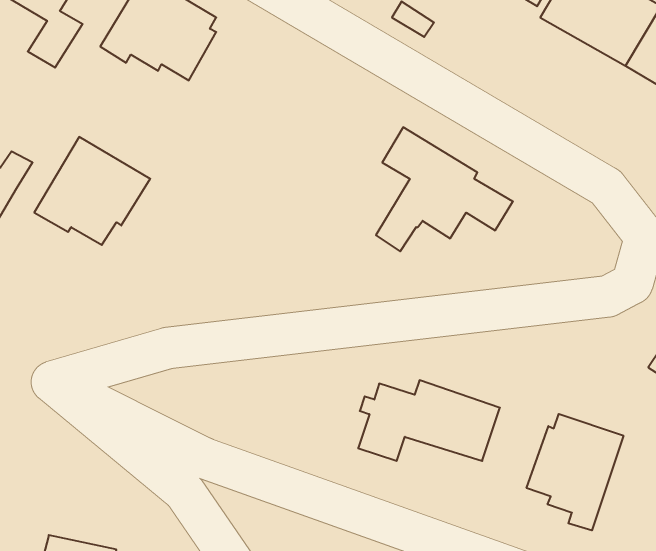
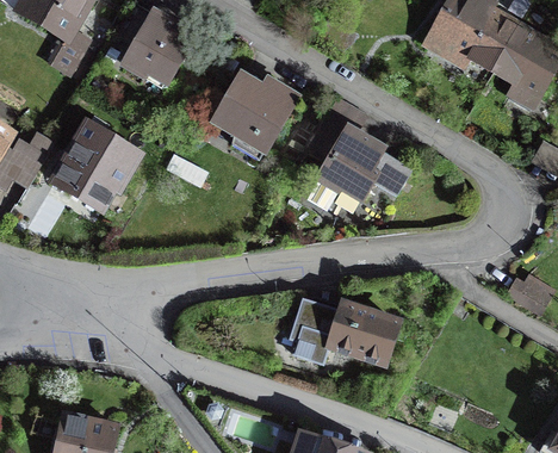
building: none -> [216,75,298,160]
building: [527,414,623,530] -> none

